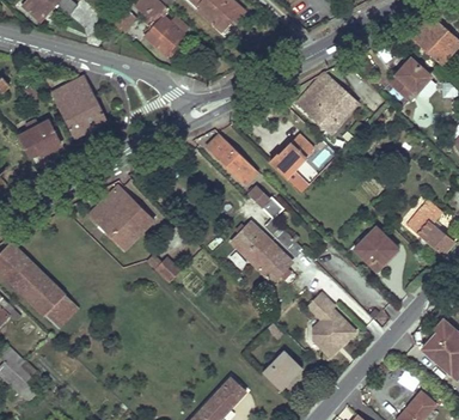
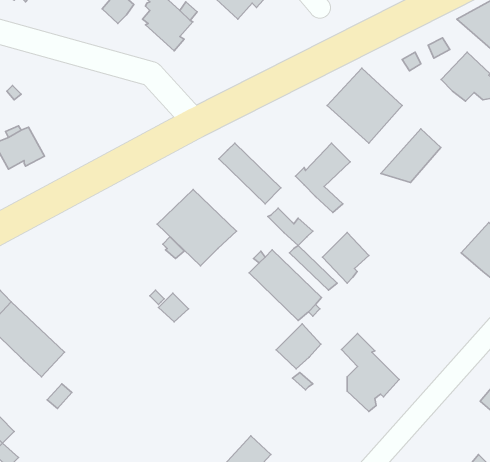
building: [51,75,108,138] -> none
building: none -> [381,129,441,182]
building: [88,185,154,249] -> [157,189,236,266]
building: [355,227,393,269] -> [323,233,369,283]
building: [263,351,300,388] -> [276,324,321,369]

